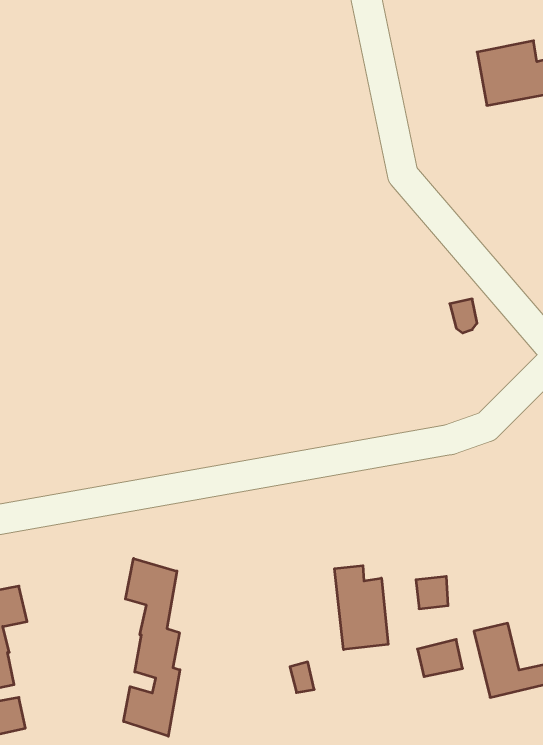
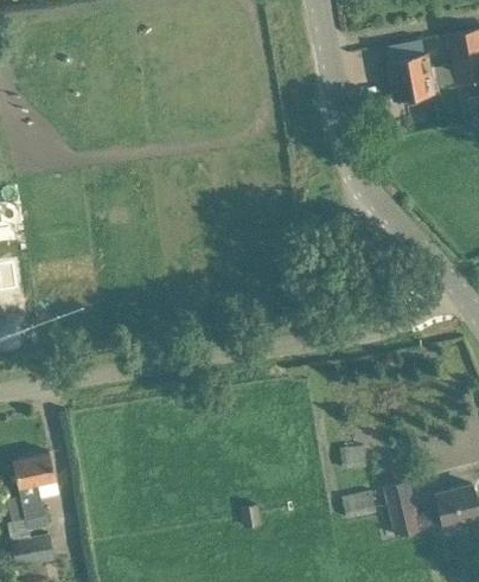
building: [124,558,180,736] -> none
building: [335,566,388,650] -> none

